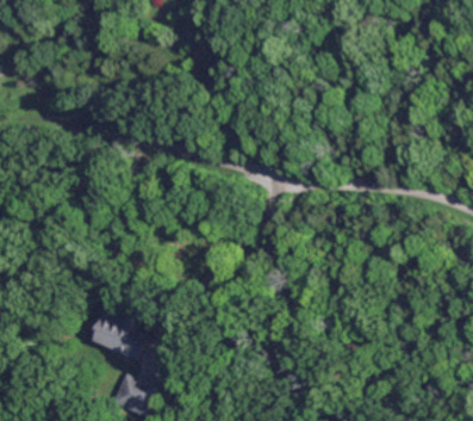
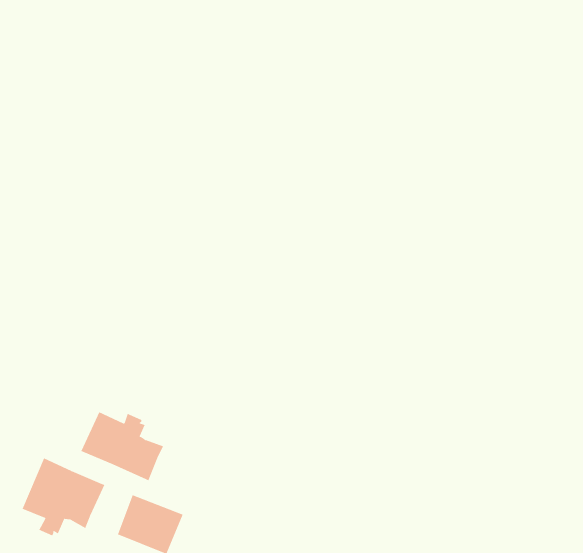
building: none -> [22,458,105,536]

